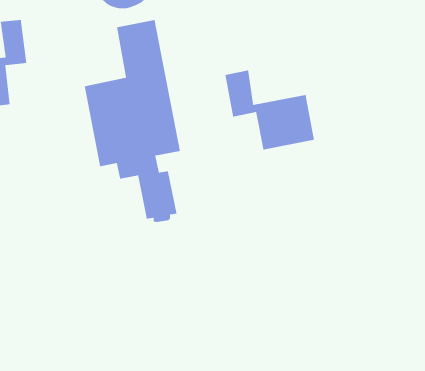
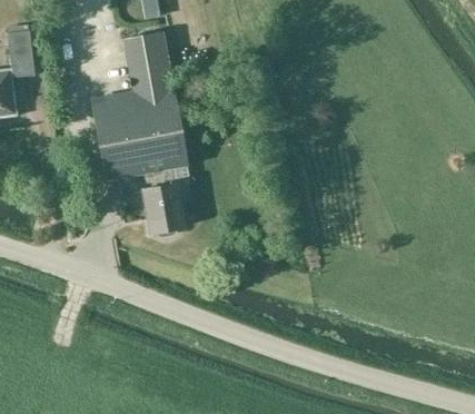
building: [224,69,315,150] -> none

